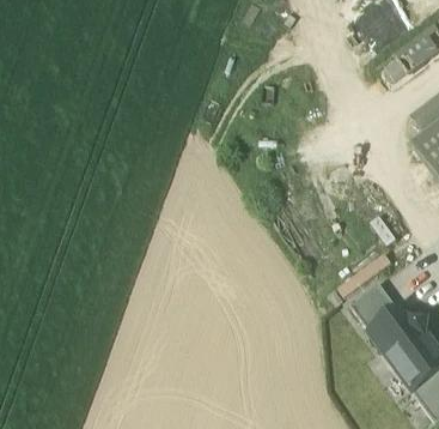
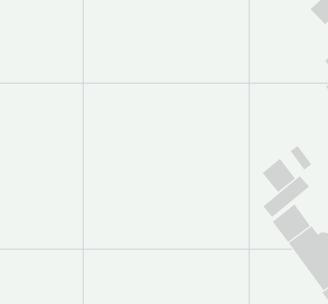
building: none -> [262,158,296,193]

